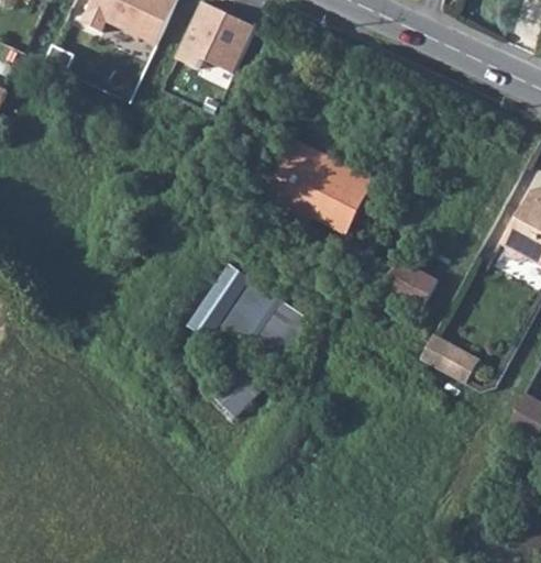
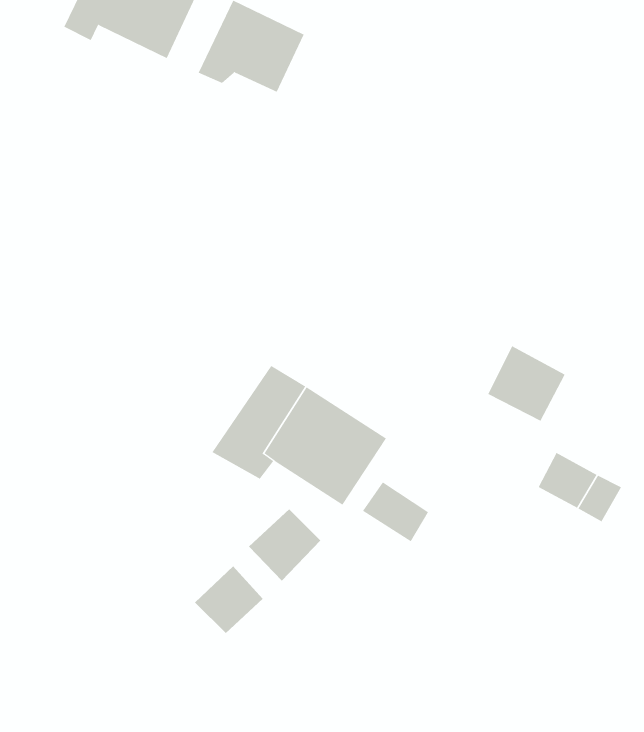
building: [270,143,374,229] -> none
building: none -> [362,481,429,542]
building: none -> [194,565,263,634]

